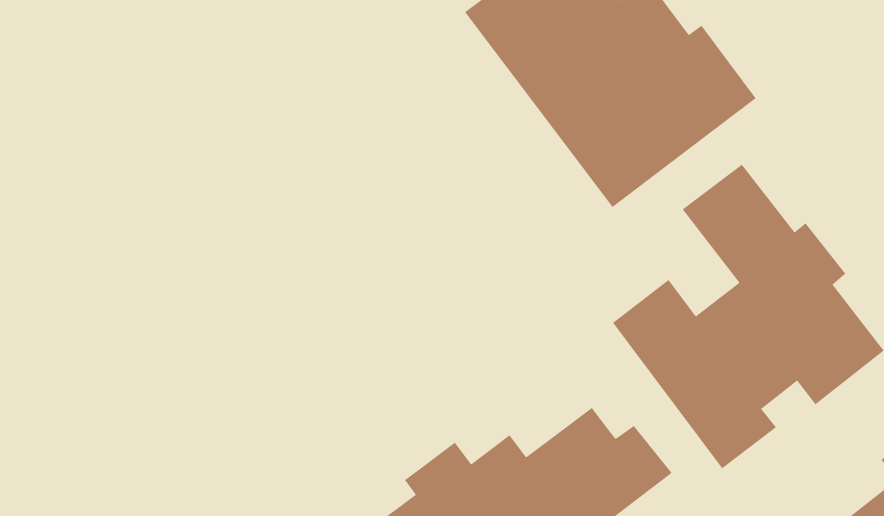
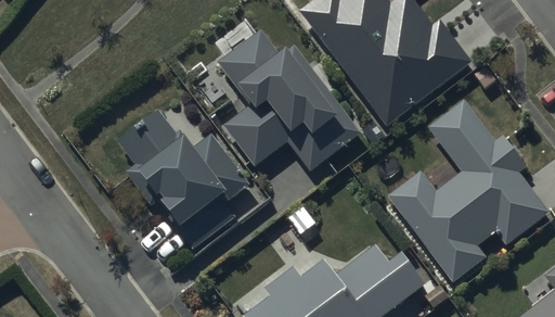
building: none -> [218,28,360,169]
building: none -> [117,109,250,248]

